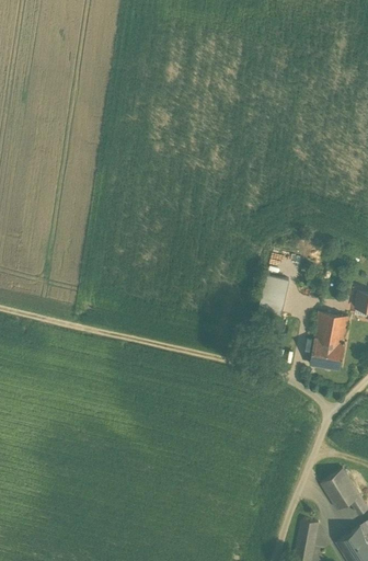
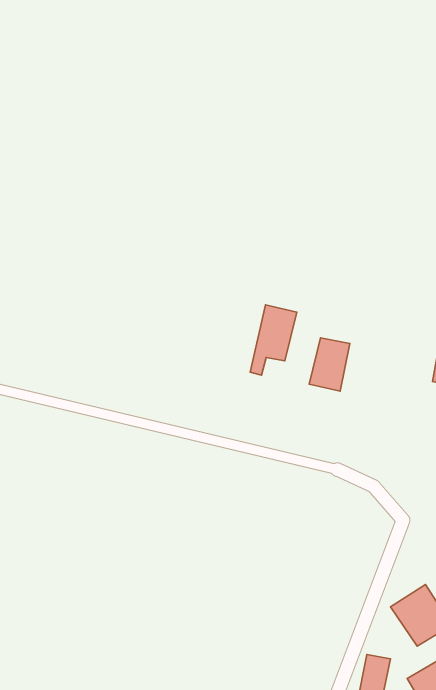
building: none -> [250,305,297,375]
building: [308,310,347,370] -> none

